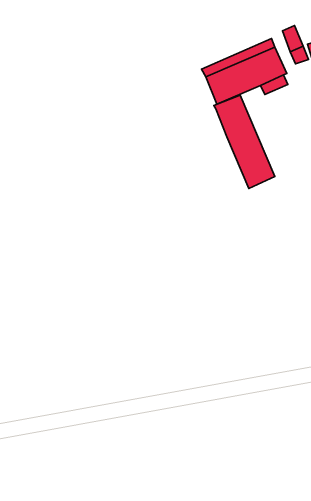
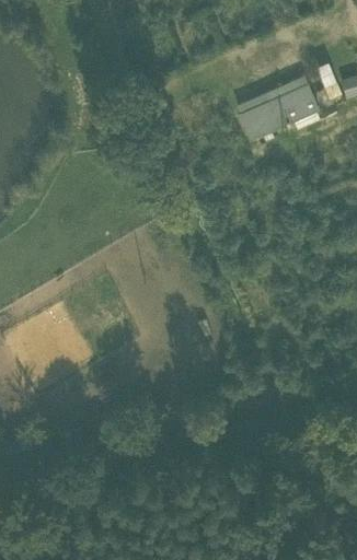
building: [214,95,275,189] -> none

